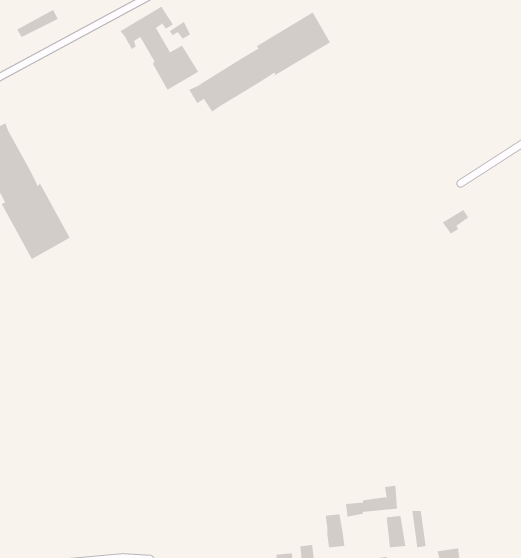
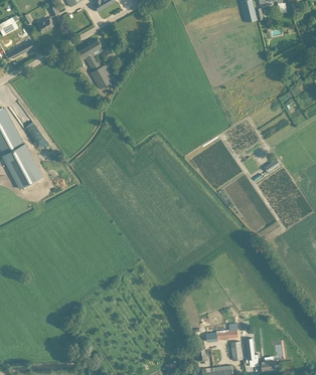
building: [188,12,331,113] -> none

